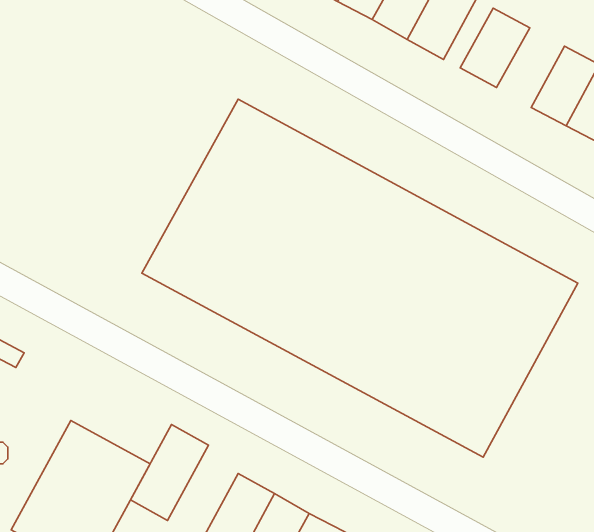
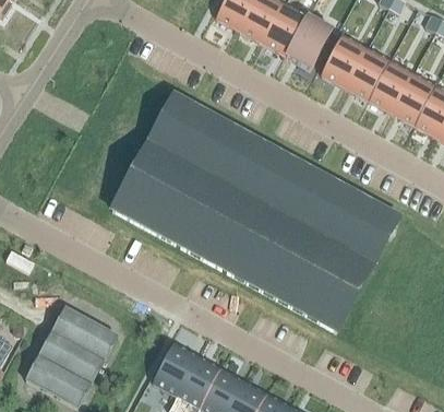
building: none -> [345,48,389,101]
building: [131,424,208,521] -> none

